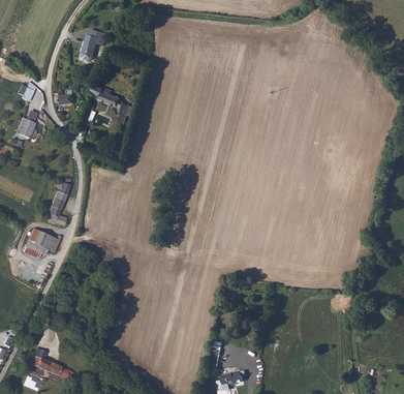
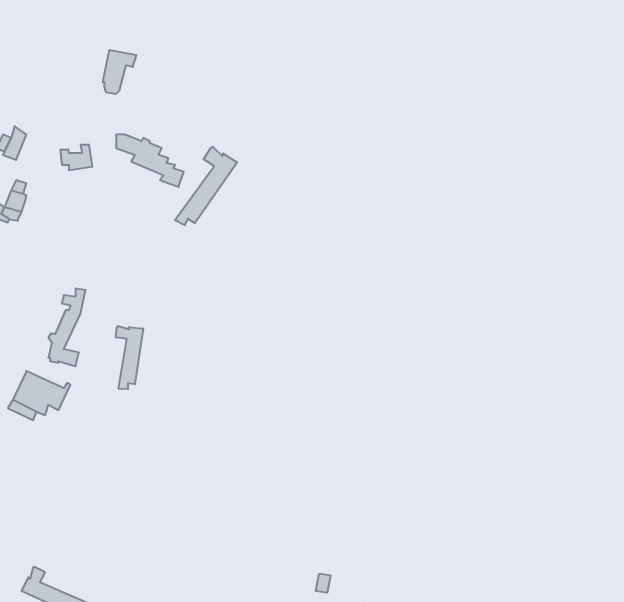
building: none -> [175,147,237,225]
building: none -> [116,326,143,389]

